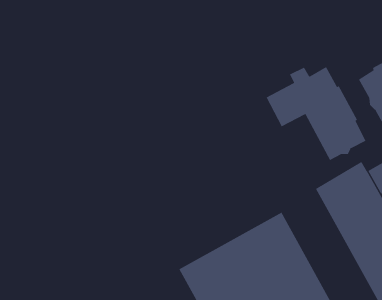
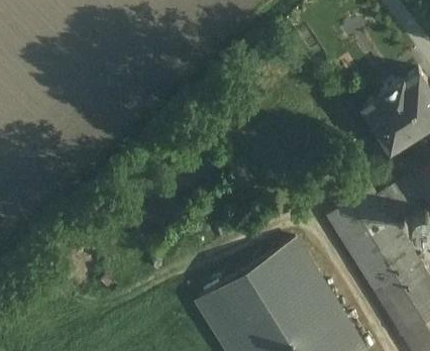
building: [266,66,366,161] -> none

